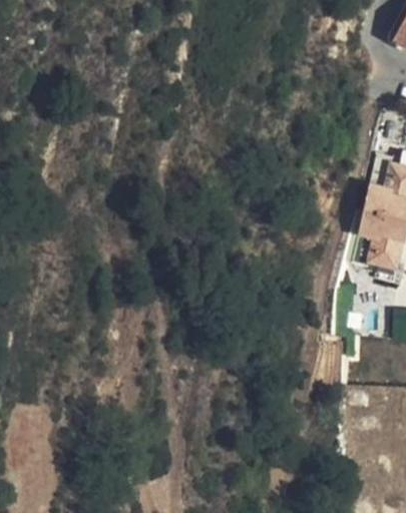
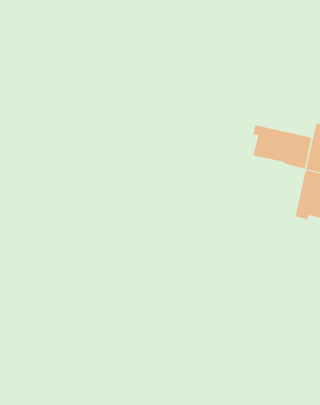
building: none -> [252,124,312,169]

